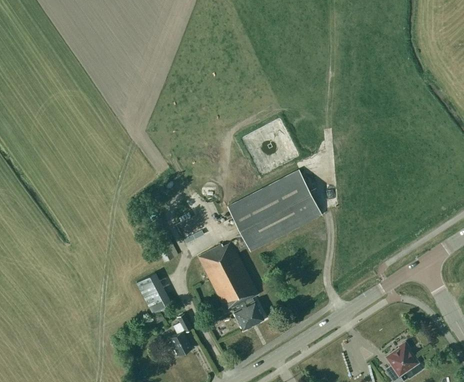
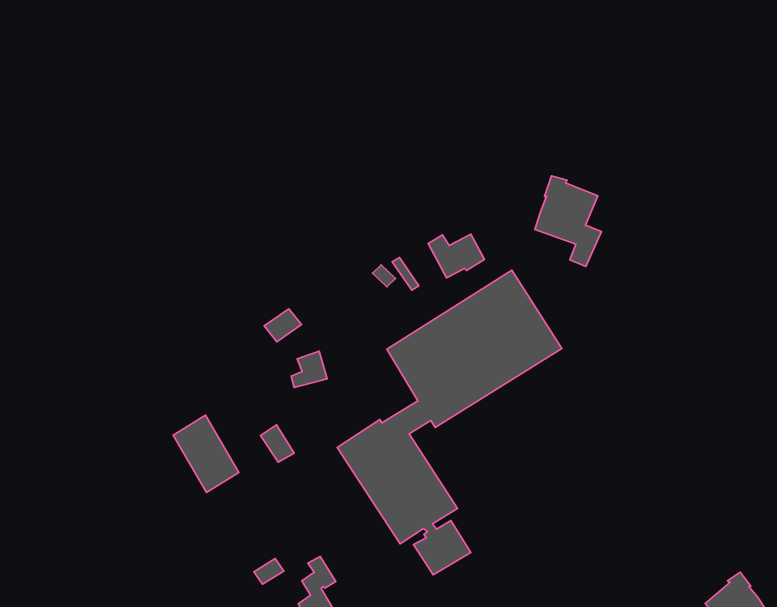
building: none -> [535,176,602,266]
building: [137,273,170,314] -> [173,415,239,492]

